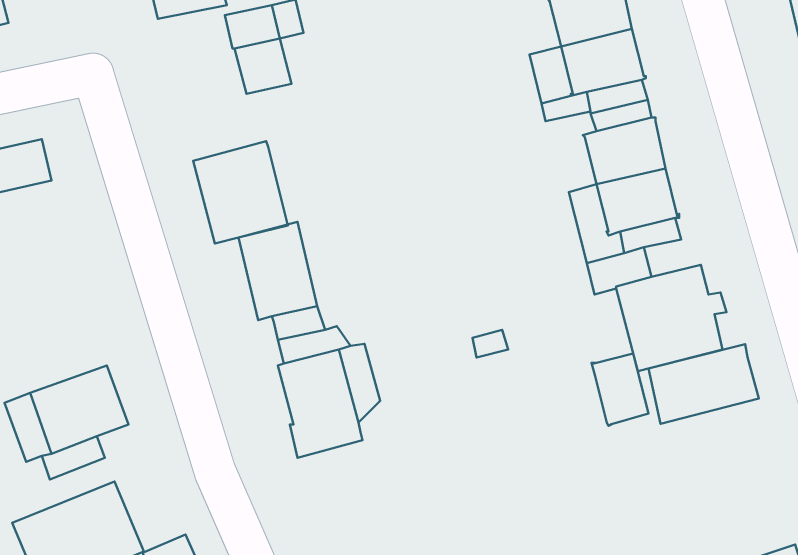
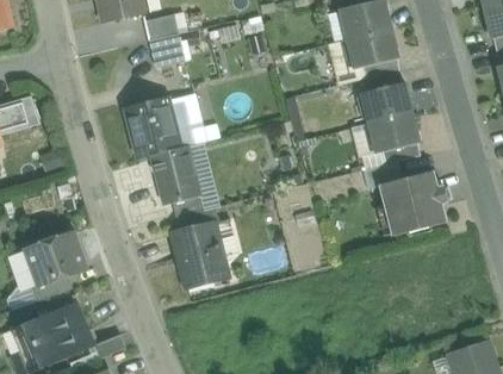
building: none -> [170,93,206,148]
building: [649,344,759,424] -> none
building: [592,353,649,426] -> none

